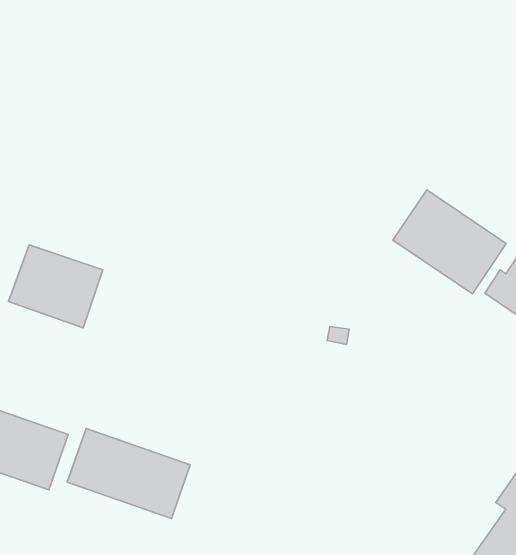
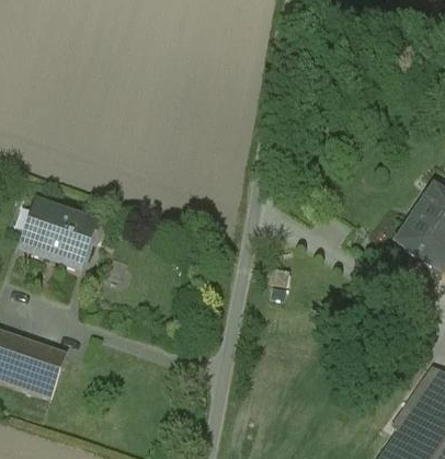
building: [393,190,506,294] -> none
building: [67,428,190,519] -> none

